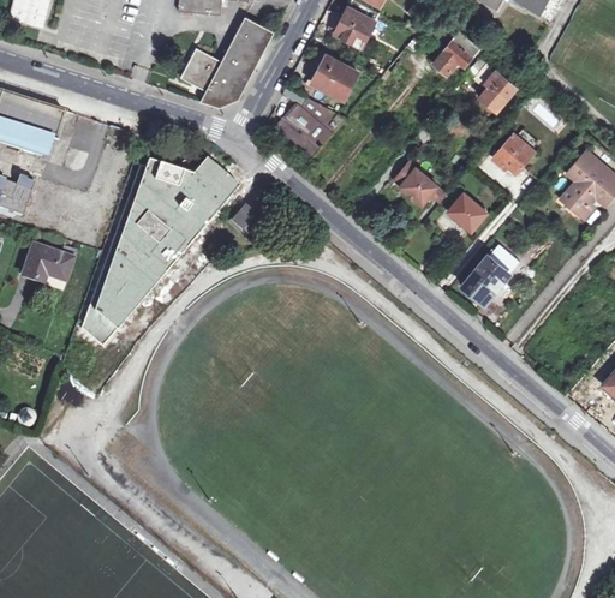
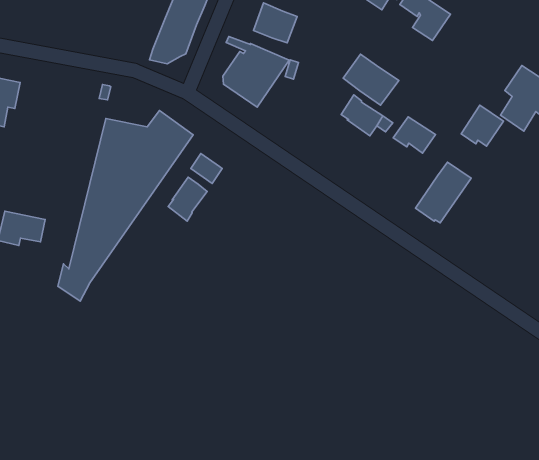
building: [180,48,220,91] -> none
building: none -> [343,54,399,105]
building: [491,131,537,174] -> [461,105,504,146]
building: none -> [168,177,207,221]

